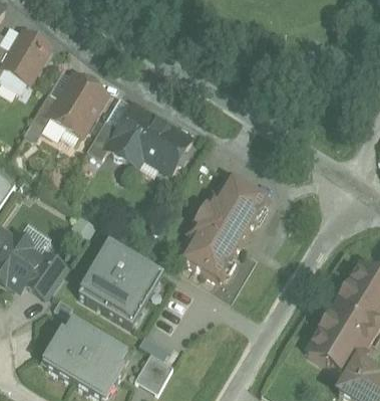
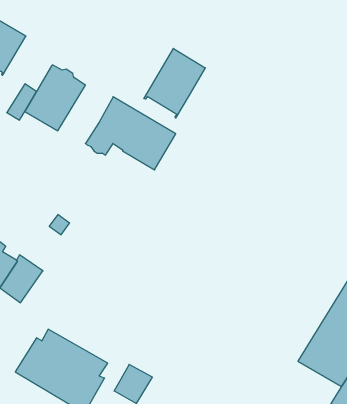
building: none -> [144,48,205,118]
building: [86,116,119,156] -> none
building: [180,173,268,277] -> none
building: [77,240,162,326] -> none

